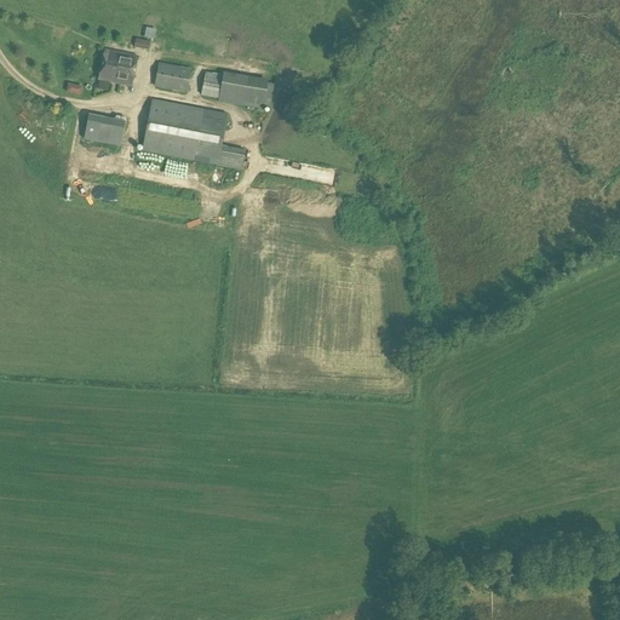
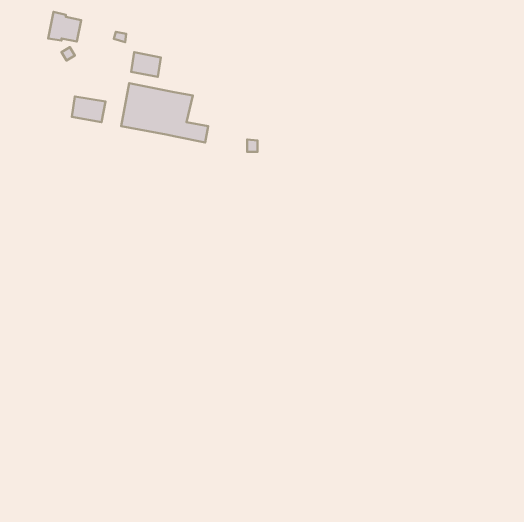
building: [98,47,137,82] -> [48,12,81,42]
building: [201,70,275,108] -> none

